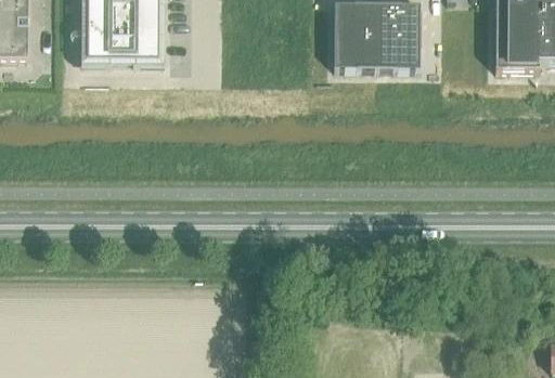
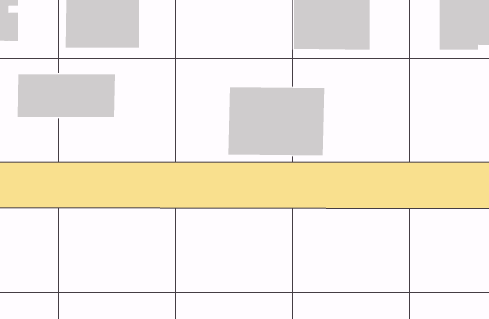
building: none -> [17,74,115,118]
building: none -> [228,86,325,156]

